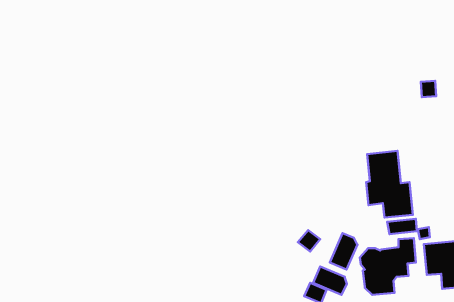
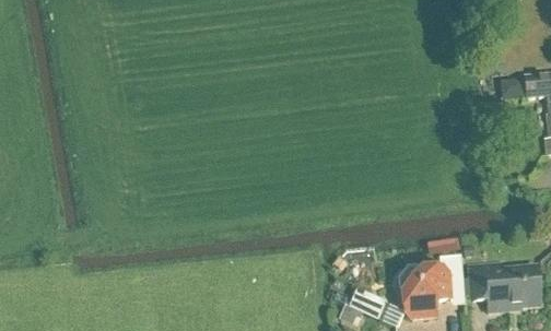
building: [366,151,413,218] -> none
building: [330,233,357,269] -> none

